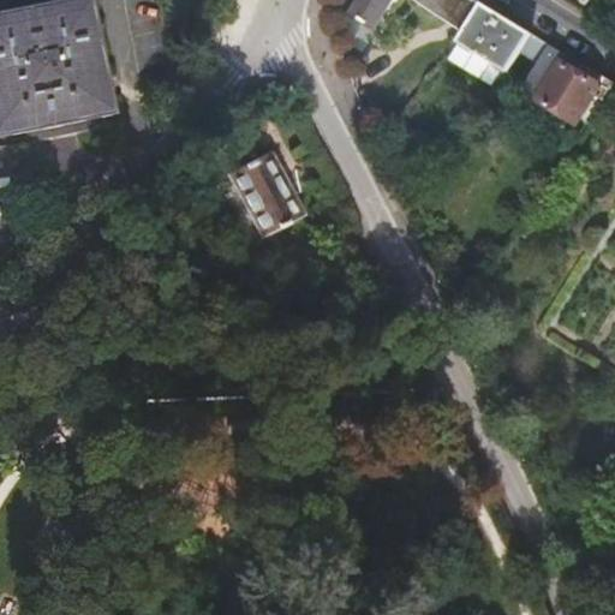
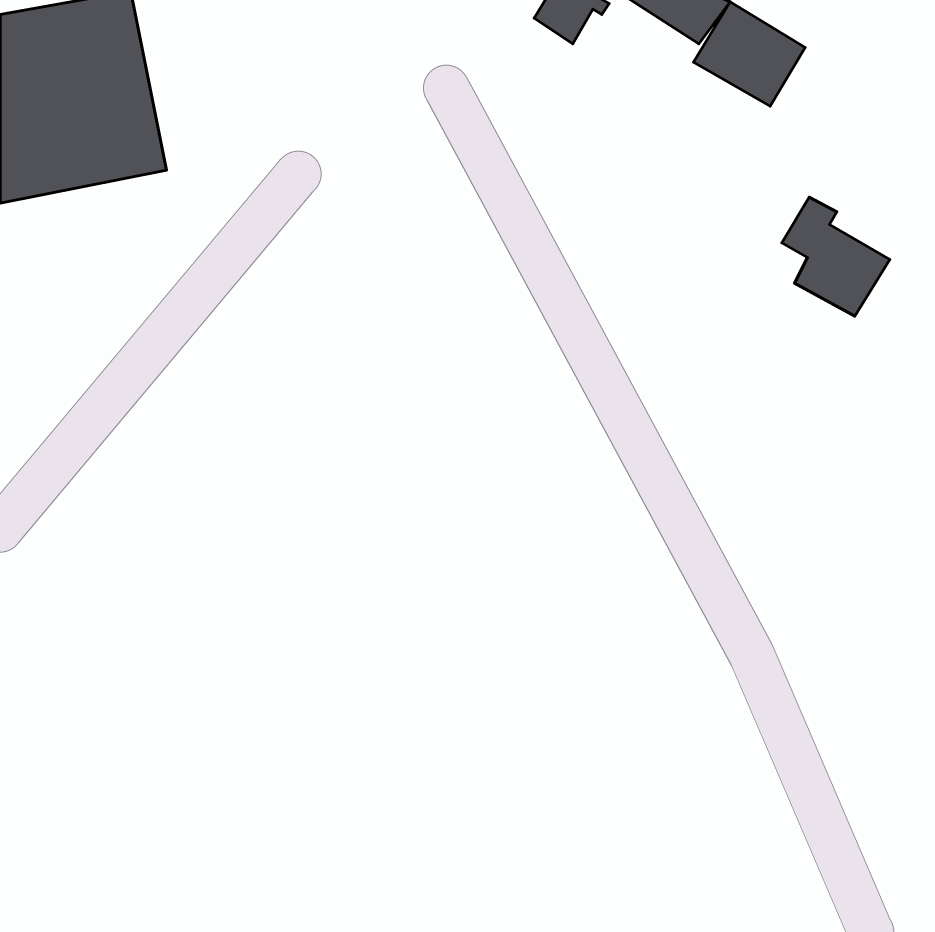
building: [529,43,599,121] -> [782,197,890,316]
building: [231,154,305,240] -> none

